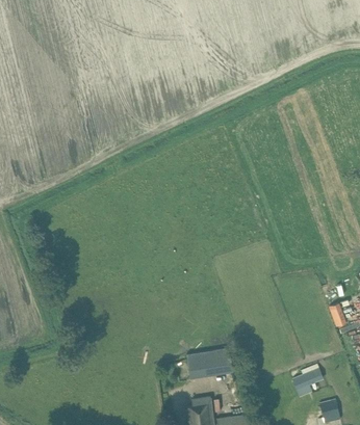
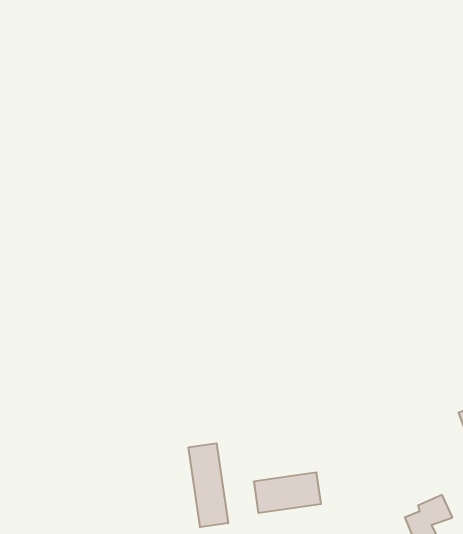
building: none -> [189,443,228,527]

